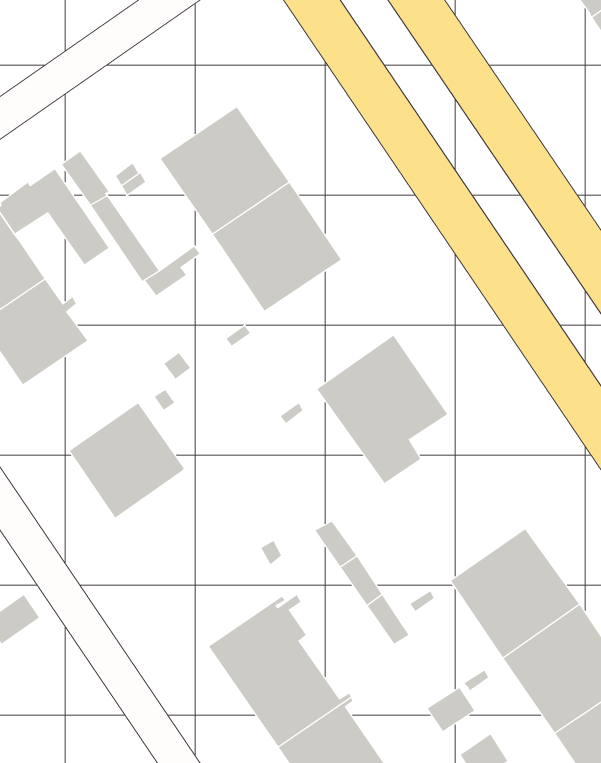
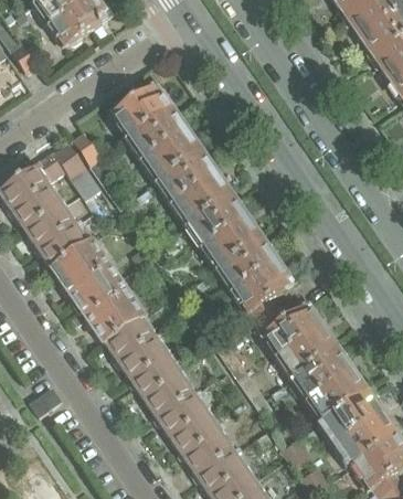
building: none -> [113,85,173,139]
building: none -> [189,197,263,270]
building: none -> [51,241,117,306]
building: none -> [257,306,338,380]
building: none -> [105,317,199,417]

